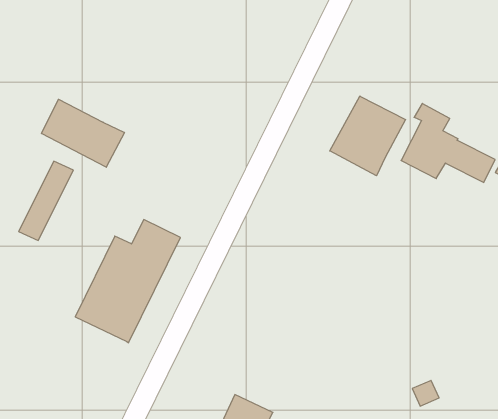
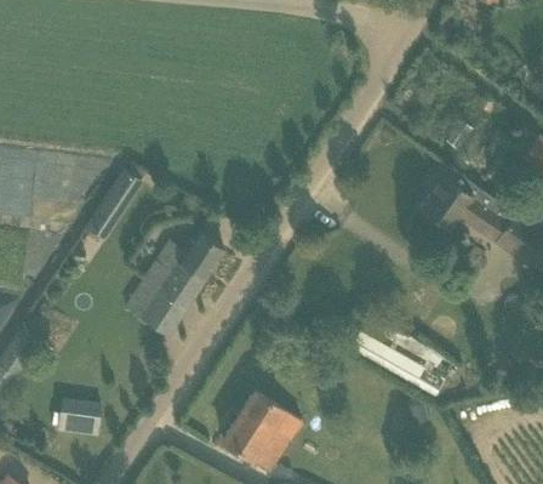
building: [330,96,406,176] -> none
building: [42,99,124,167] -> none

